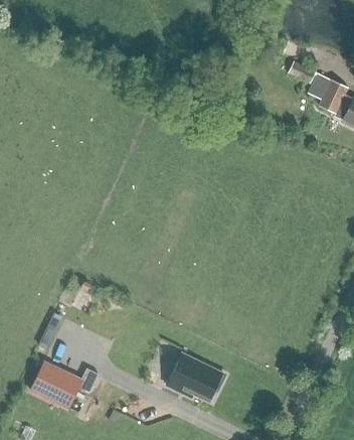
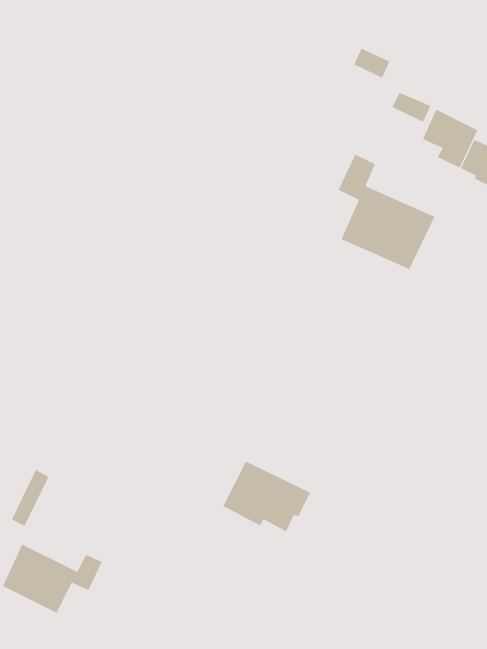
building: none -> [338,154,435,270]
building: [166,353,224,401] -> [223,461,311,532]

